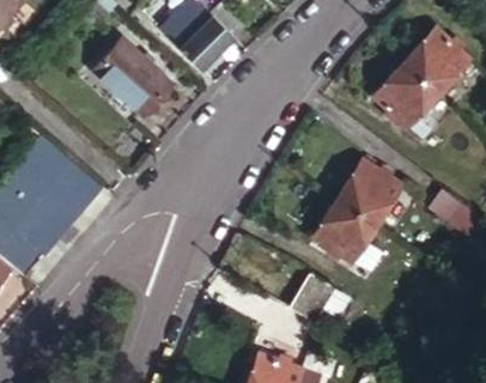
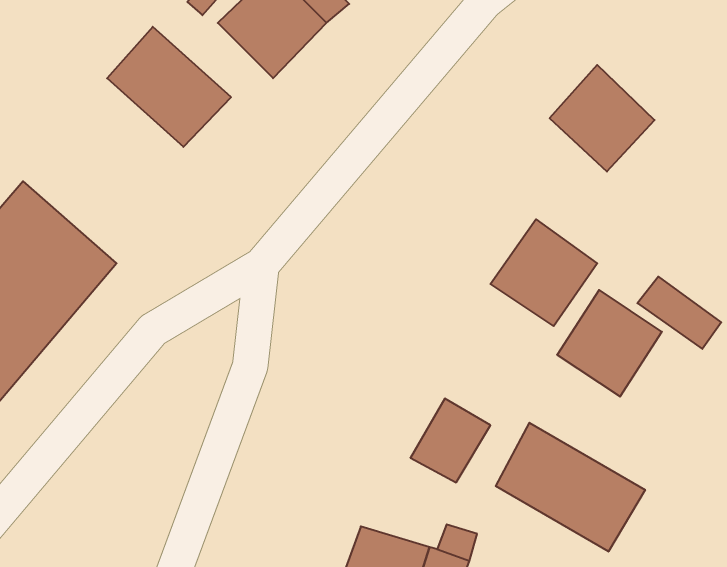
building: [403,28,474,97] -> none
building: [310,200,376,267] -> [557,290,662,397]
building: none -> [496,423,645,552]

